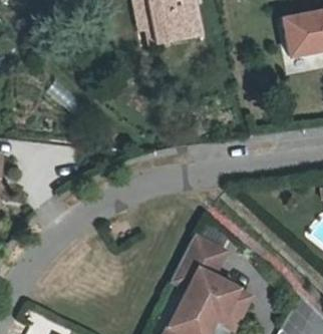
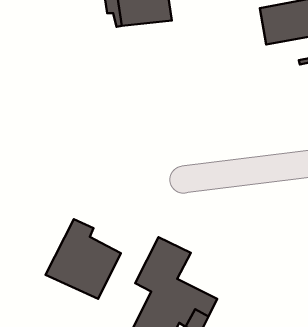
building: none -> [46,219,121,299]

